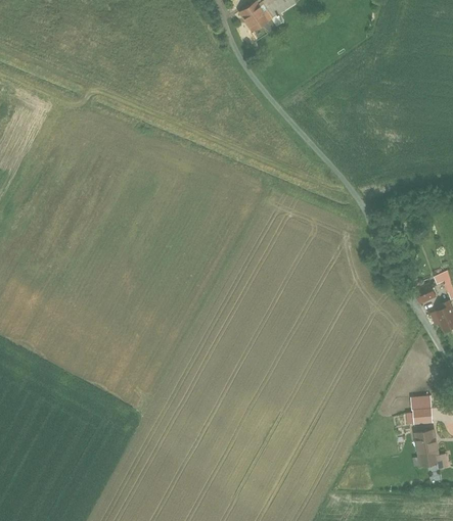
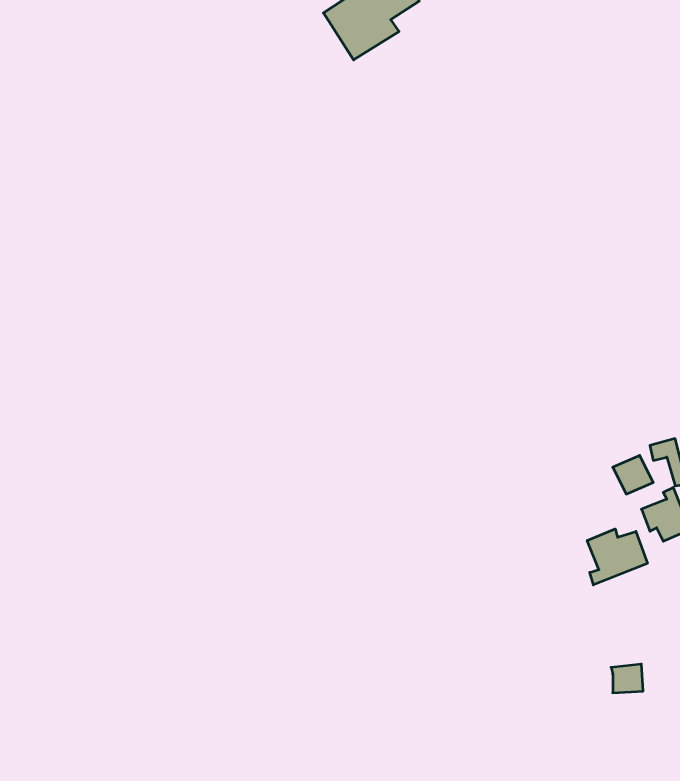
building: none -> [587,529,647,585]
building: [413,426,446,465] -> none

